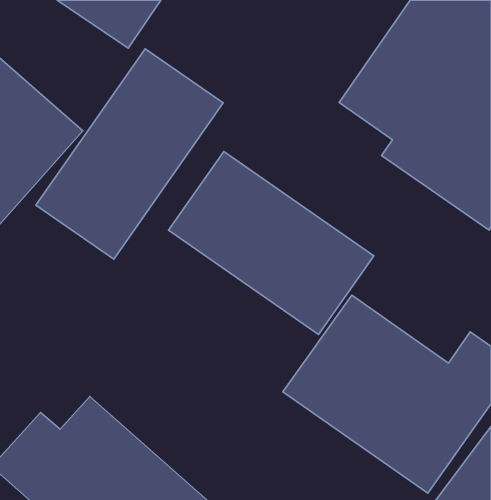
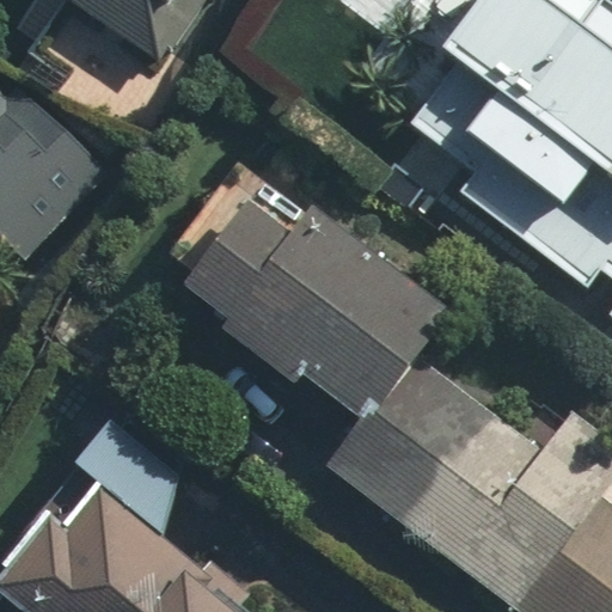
building: [36,49,223,259] -> none

